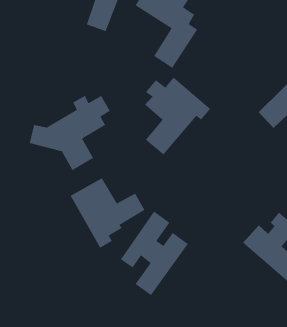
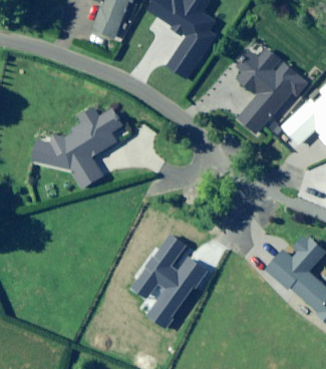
building: [144,76,211,156] -> [234,47,307,133]
building: [70,177,145,249] -> none

